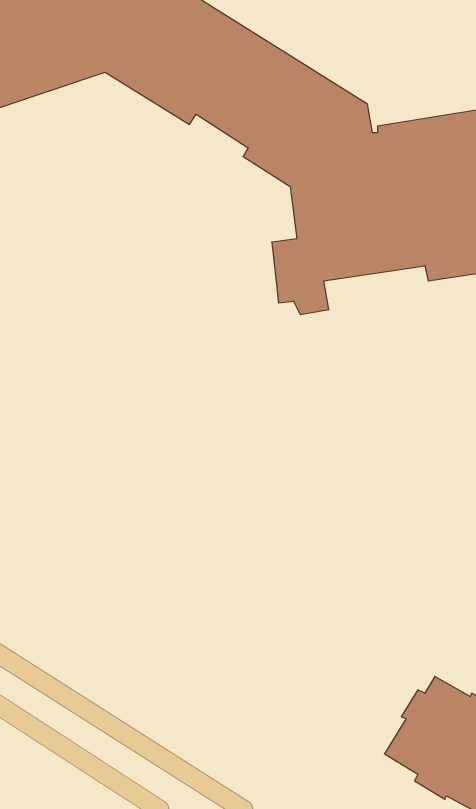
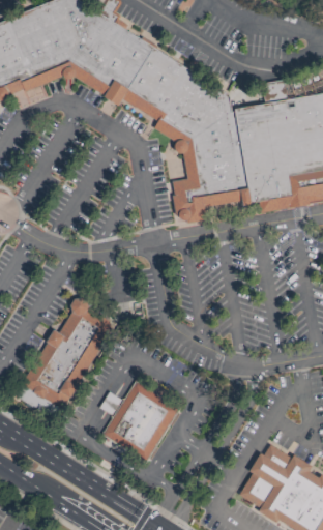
building: none -> [24,297,111,410]
building: none -> [104,379,179,459]

